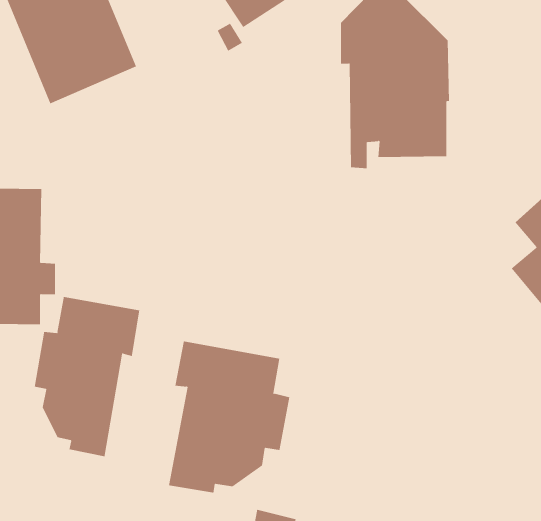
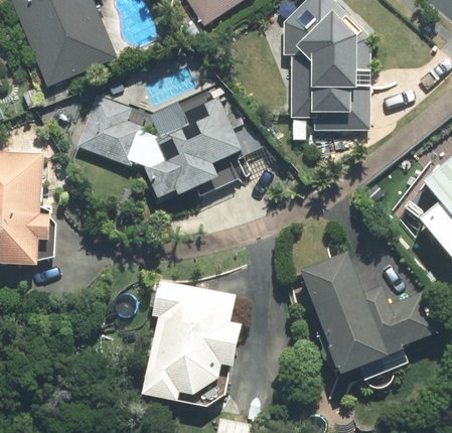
building: none -> [77,93,246,204]
building: [34,296,140,457] -> none
building: none -> [300,251,439,381]

